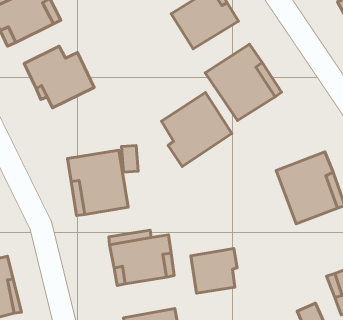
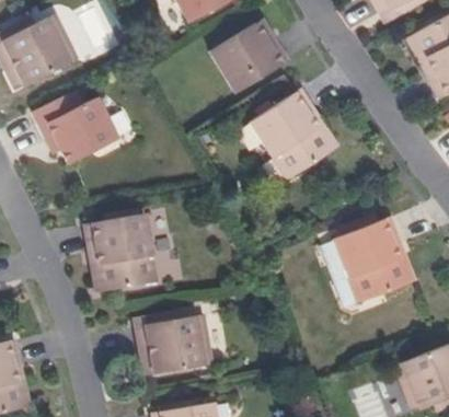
building: [161,93,232,166] -> none
building: [191,248,237,293] -> none

